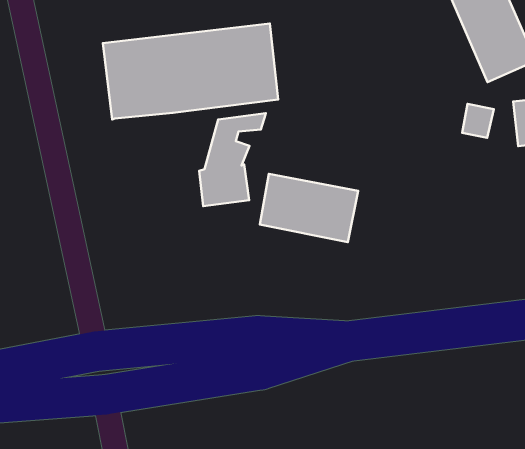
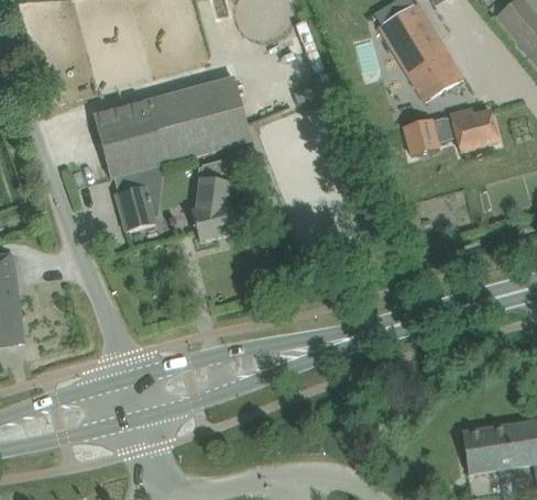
building: none -> [113,165,162,231]
building: [260,174,358,242] -> none

